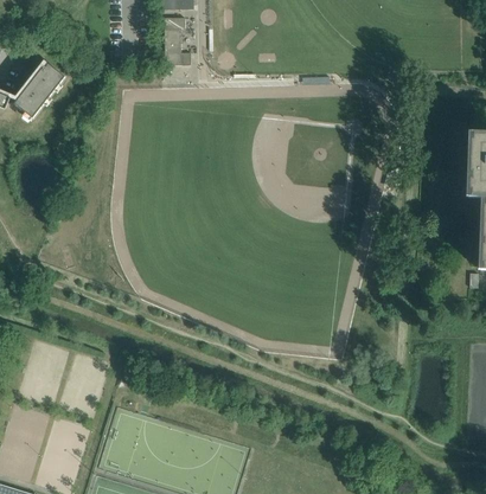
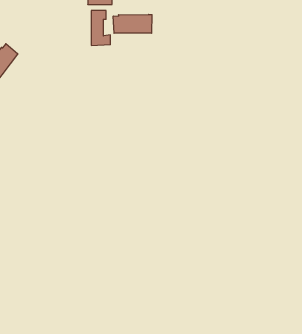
building: none -> [113,14,152,33]

